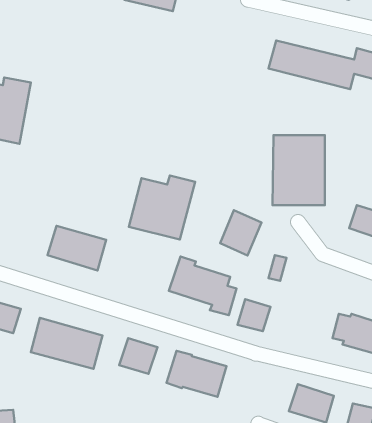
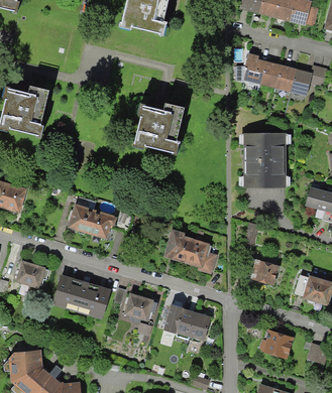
building: [129,176,195,239] -> [136,104,189,154]
building: [220,210,262,255] -> none
building: [237,299,271,331] -> [252,260,279,285]

